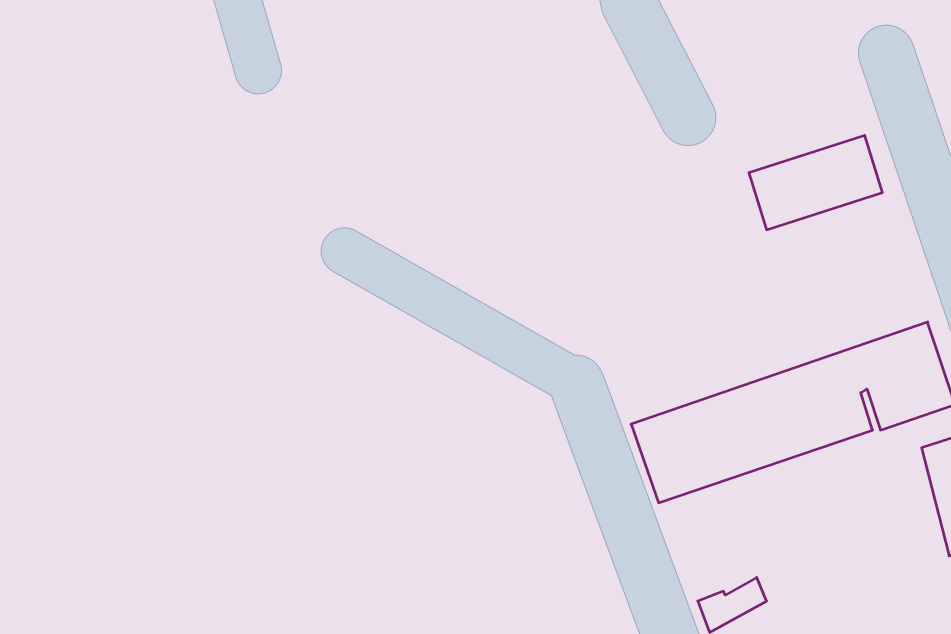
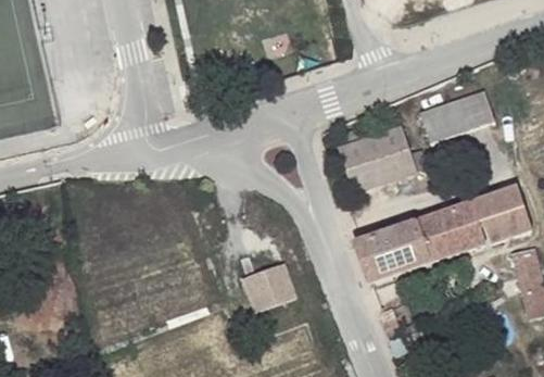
building: none -> [339,128,417,190]
building: none -> [241,261,294,307]

